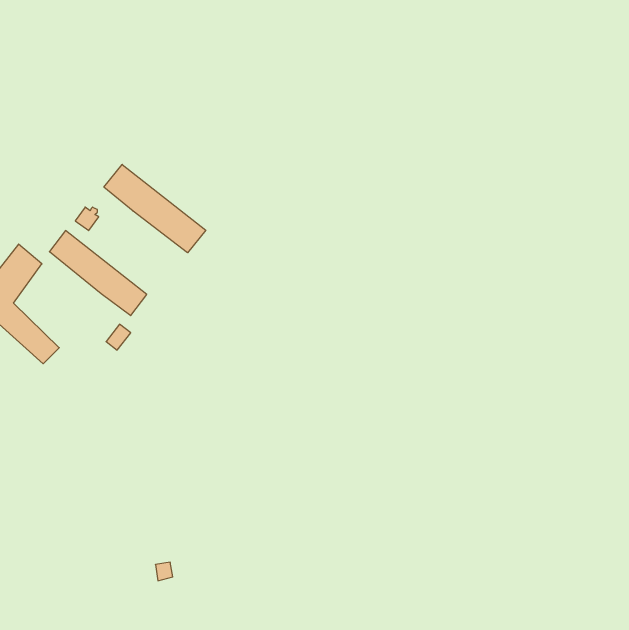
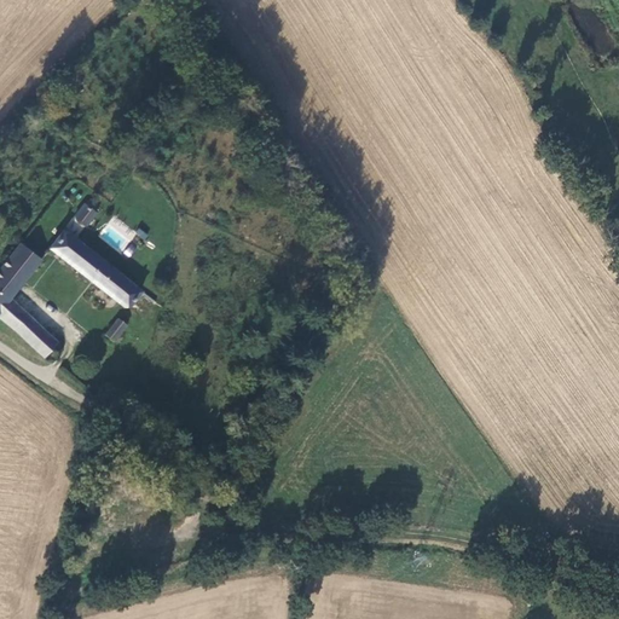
building: [104,164,206,253] -> none

